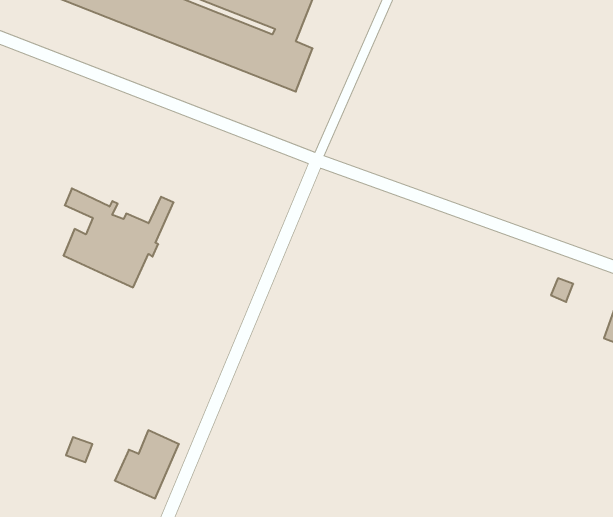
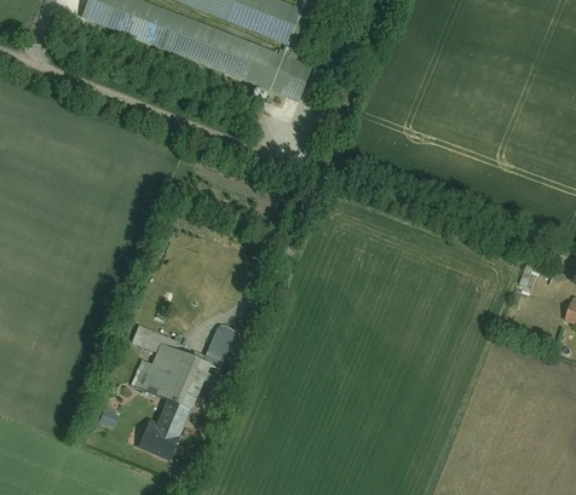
building: [63,188,174,287] -> [133,322,229,408]

